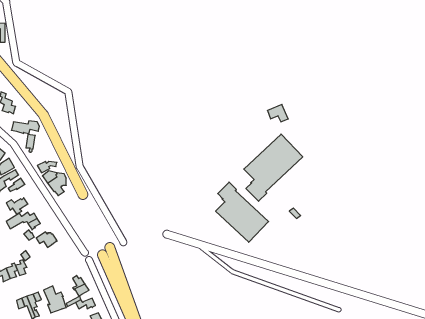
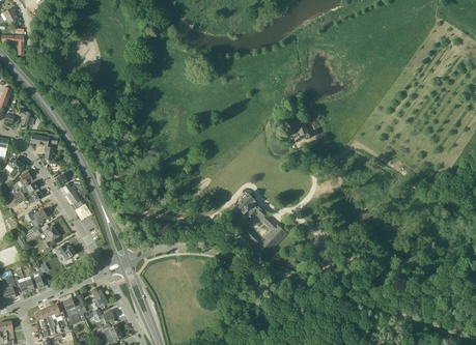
building: [244,134,303,201] -> none

